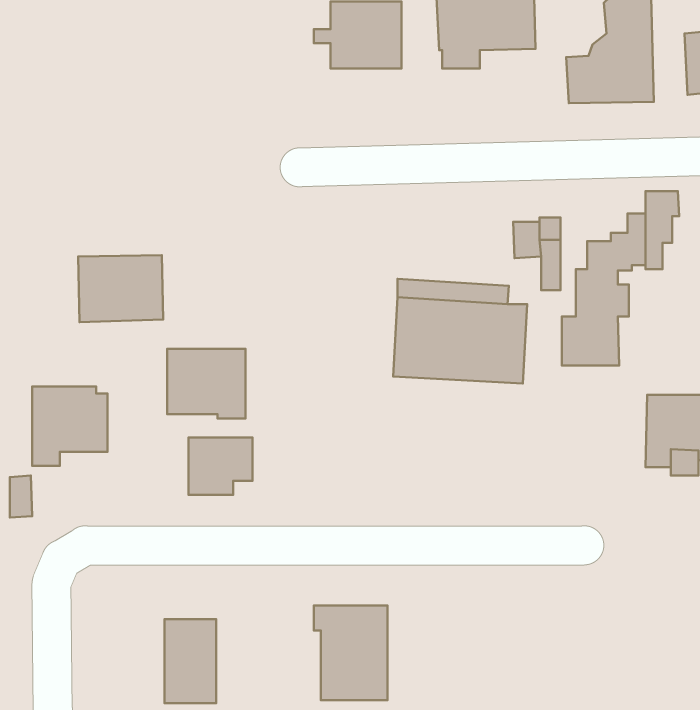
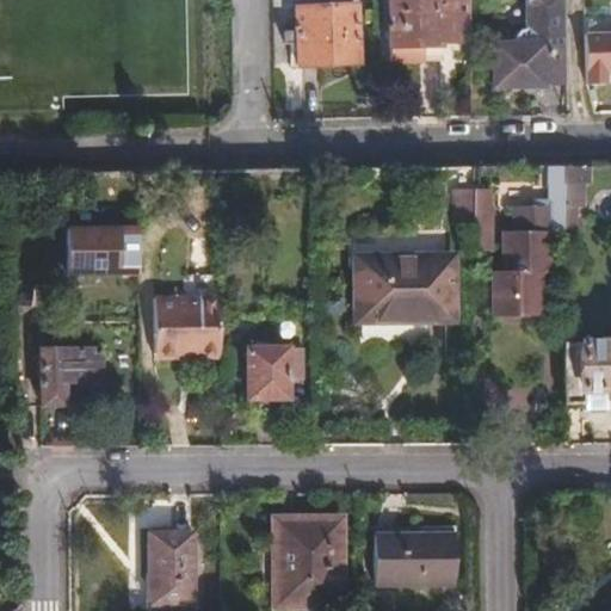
building: [188,438,253,495] -> [248,346,303,395]
building: none -> [376,525,456,582]

